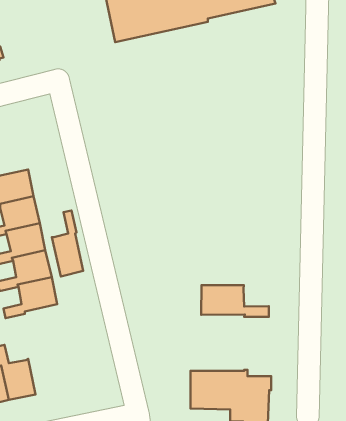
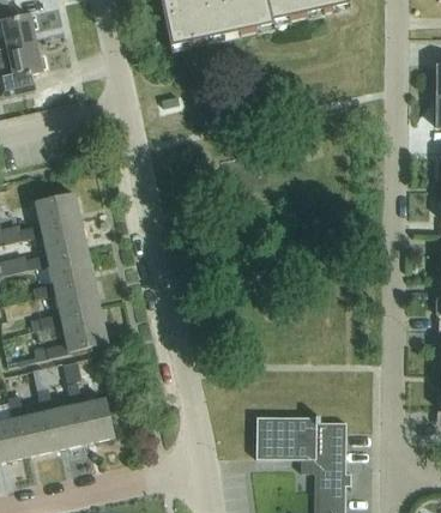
building: [52,210,83,276] -> none
building: [201,285,269,317] -> none
building: none -> [67,380,113,442]

